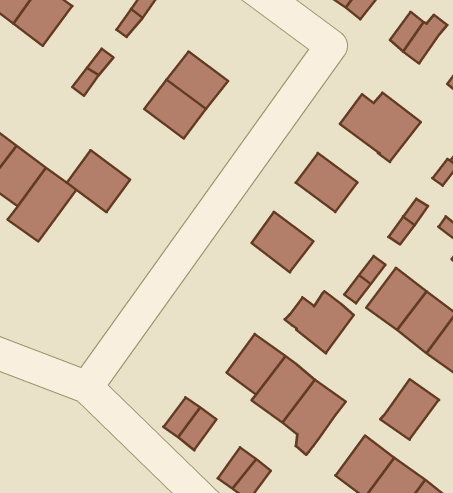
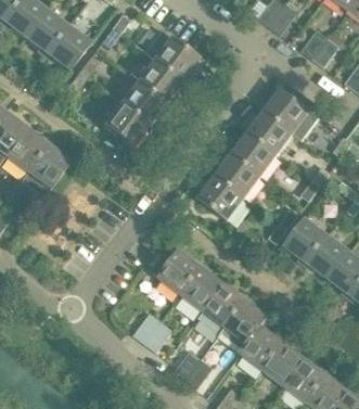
building: none -> [46,24,89,69]
building: none -> [144,29,198,79]
building: none -> [248,111,294,154]
building: [67,150,130,212] -> [103,100,150,145]
building: none -> [216,154,261,197]
building: [285,291,354,353] -> [151,248,202,294]
building: [380,379,439,440] -> [240,325,283,370]

